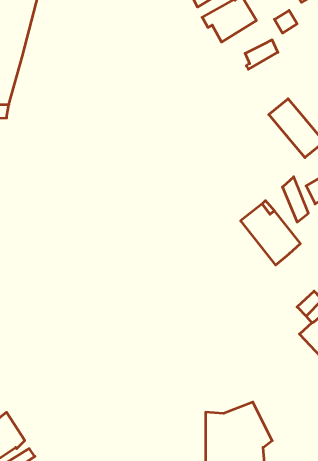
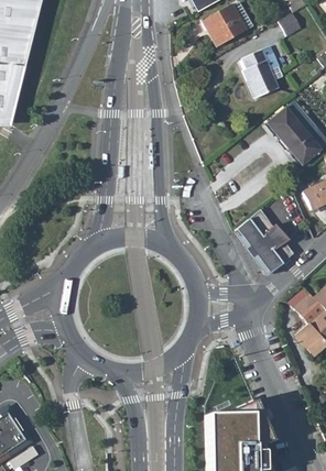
building: none -> [246,59,284,100]

